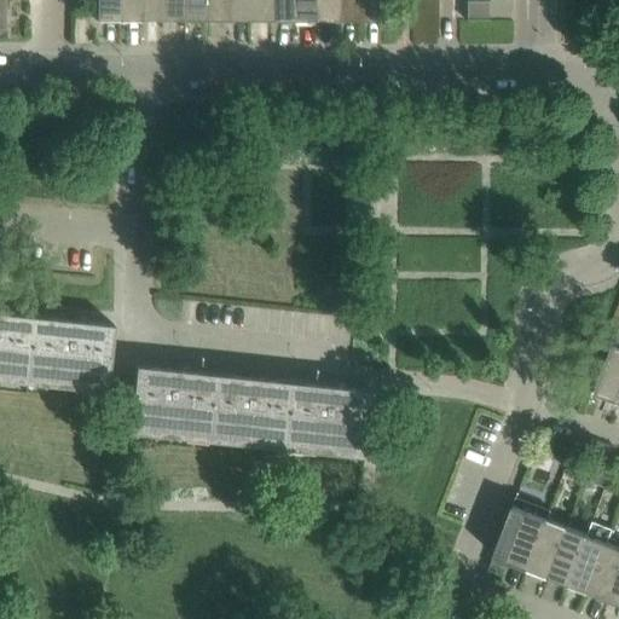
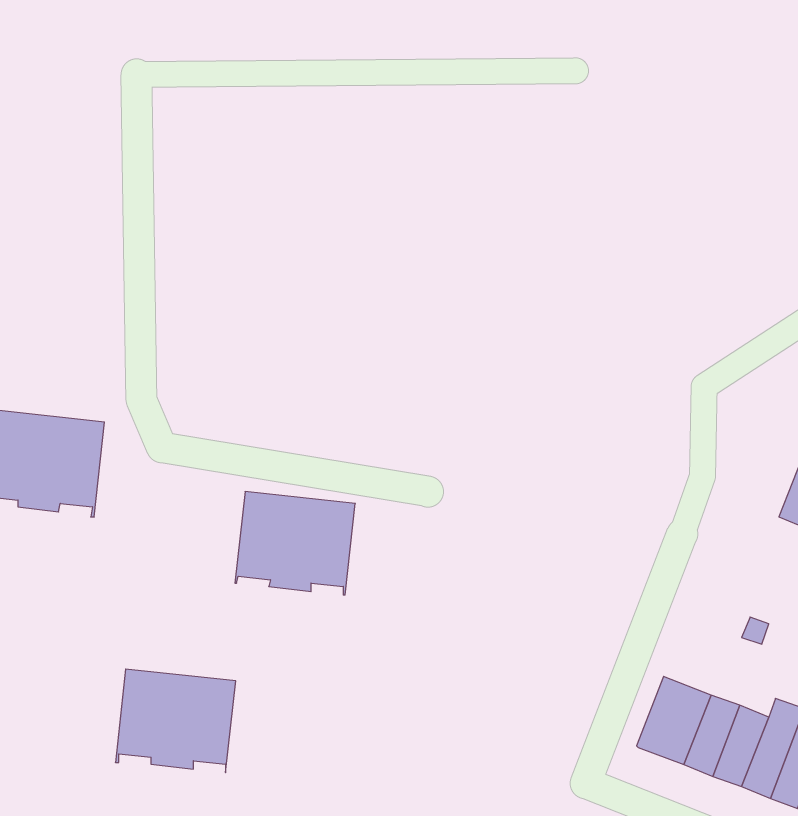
building: [128,366,214,440] -> [115,669,236,773]
building: [285,383,371,458] -> none

